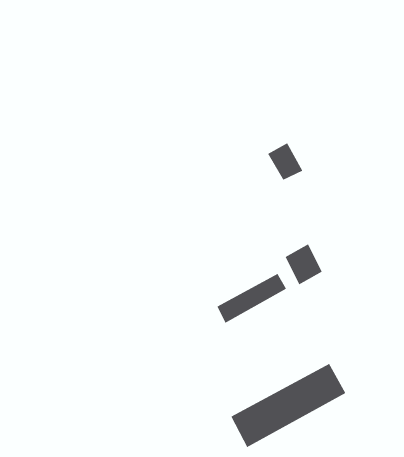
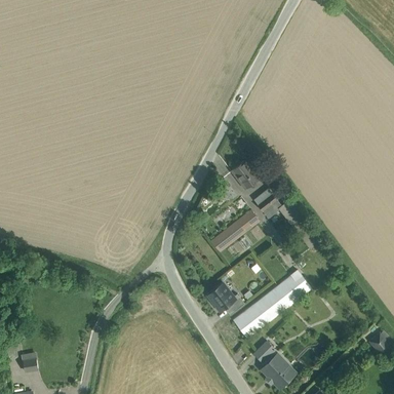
building: [267,143,303,181] -> [229,160,257,188]
building: none -> [204,283,232,311]

